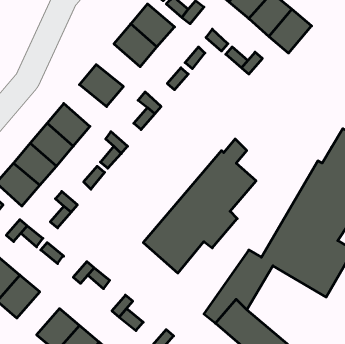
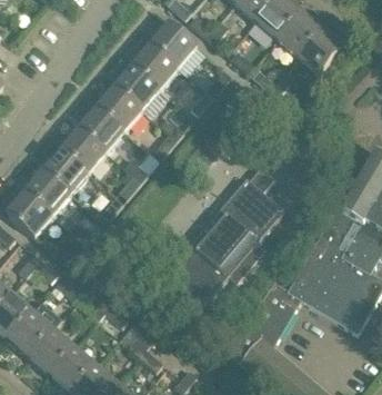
building: none -> [113,63,160,109]
building: none -> [79,107,124,151]
building: none -> [29,327,74,373]

